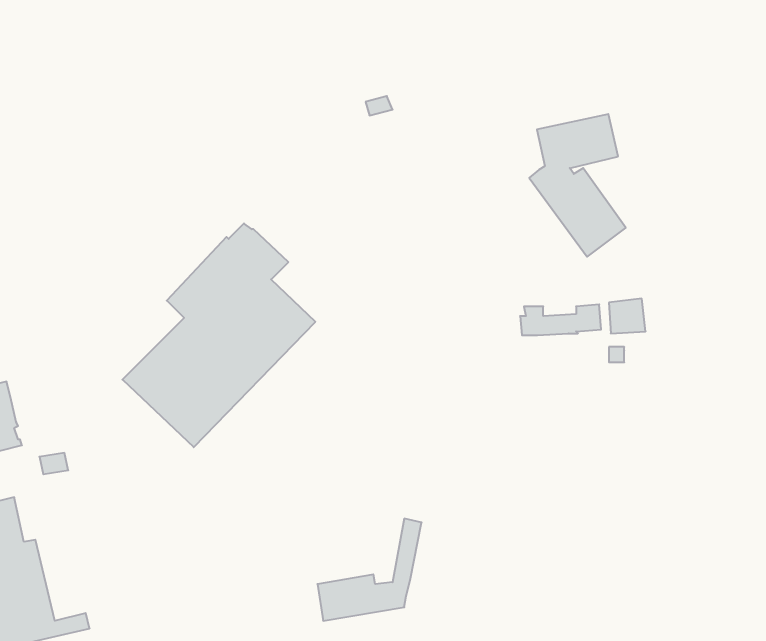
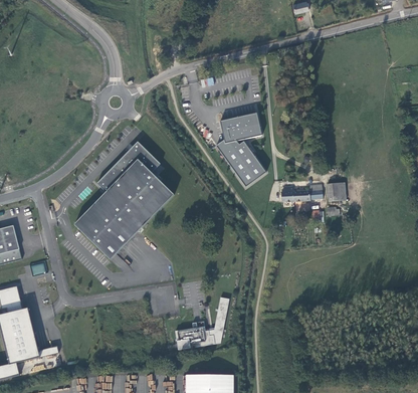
building: [529,114,626,257] -> [215,113,265,187]

